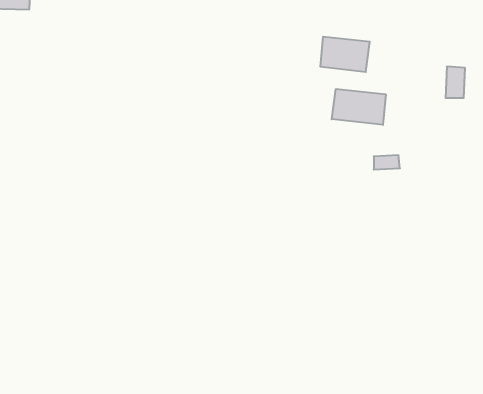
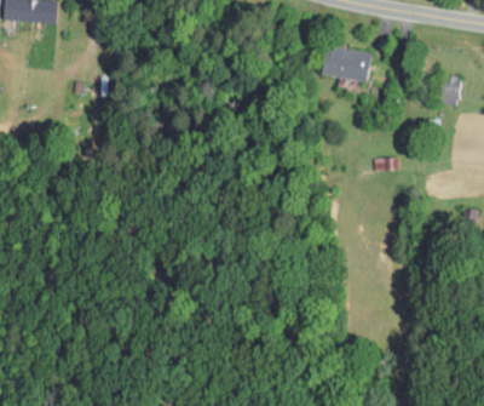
building: [332,89,386,125] -> none

